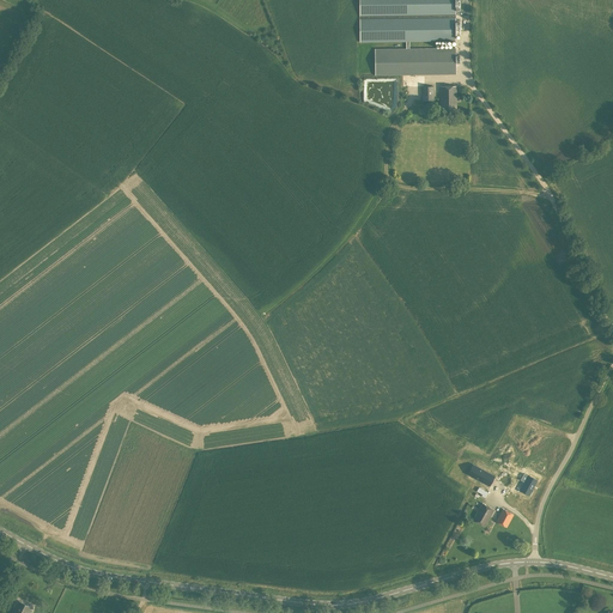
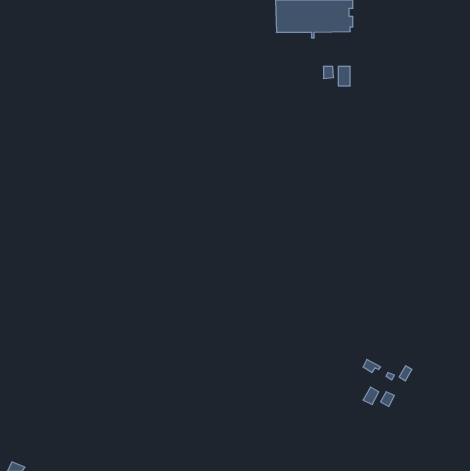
building: [374,48,459,75] -> none

